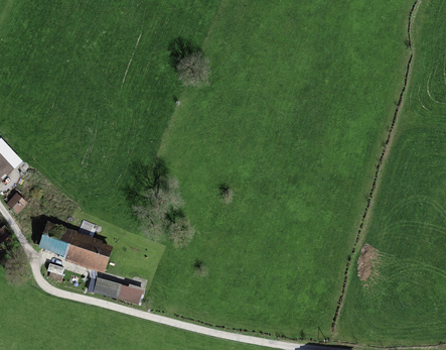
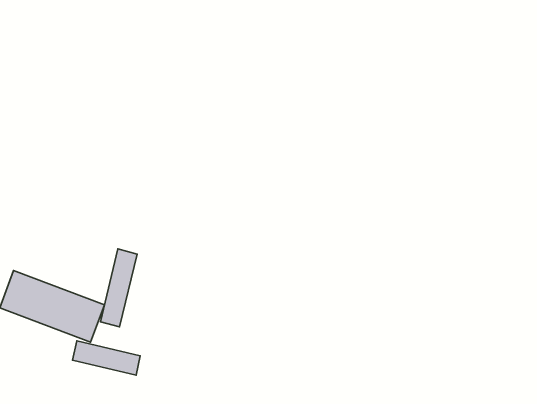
building: none -> [100,249,137,327]

